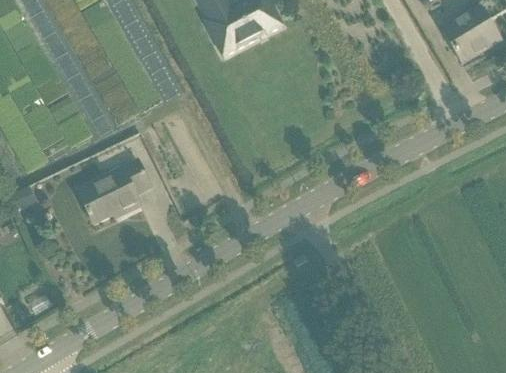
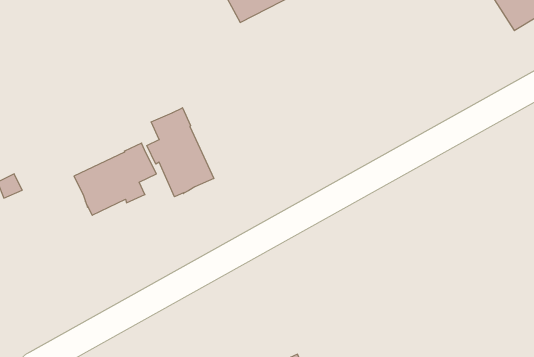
building: none -> [147,108,214,197]

